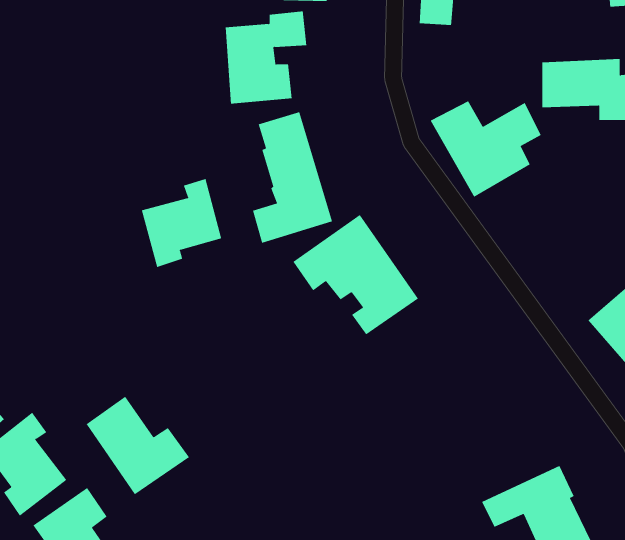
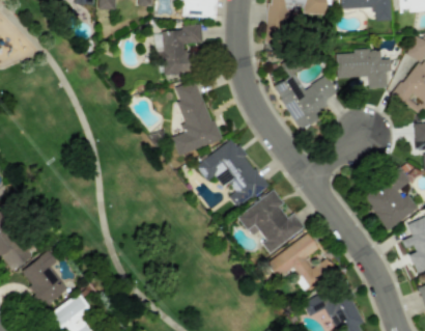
building: [141,178,222,268] -> none
building: none -> [238,190,305,253]
building: none -> [267,235,337,292]
building: [86,396,190,495] -> none

